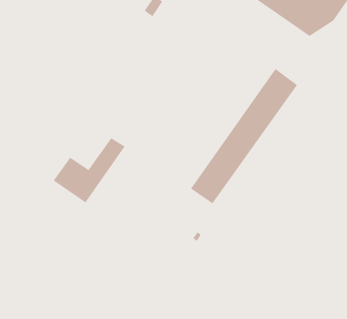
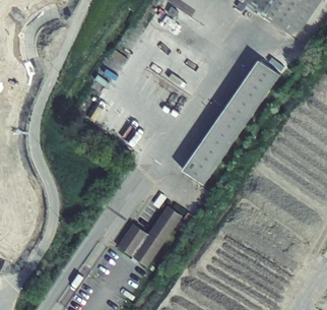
building: [53,138,126,203] -> [116,206,181,265]

